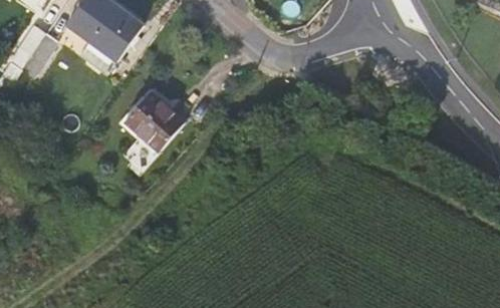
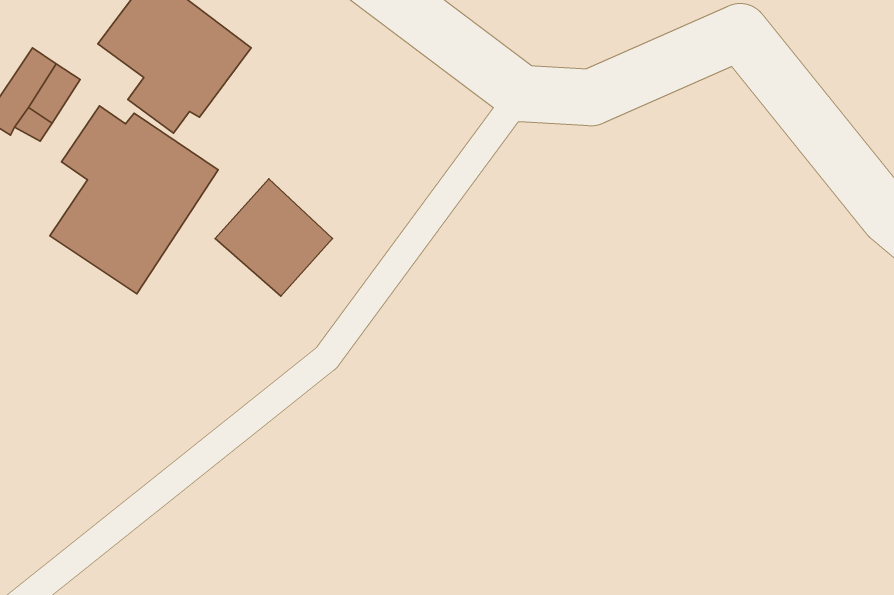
building: none -> [50,106,218,294]

